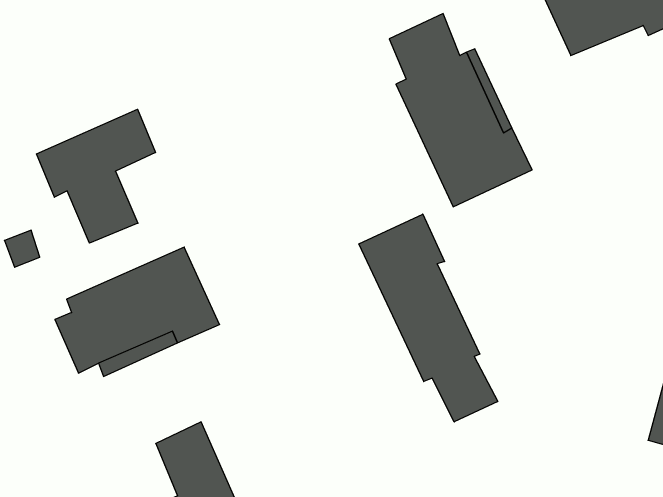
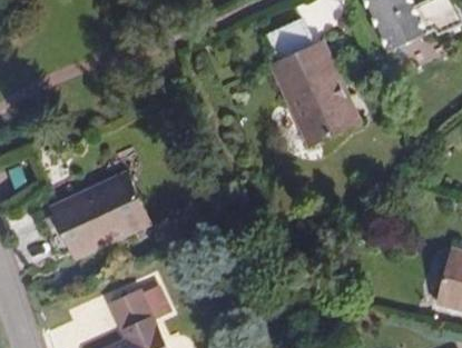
building: [37,109,155,243] -> none
building: [359,214,498,422] -> none

